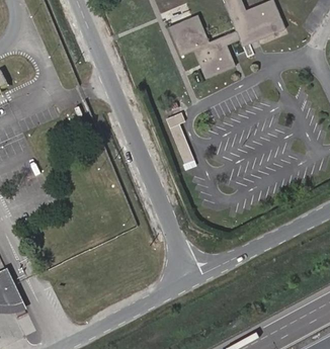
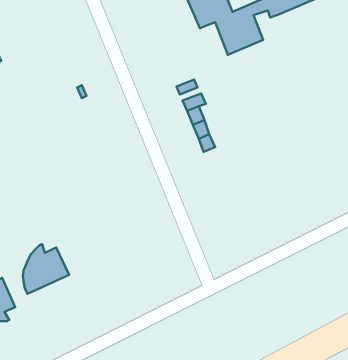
building: none -> [23,244,69,294]

